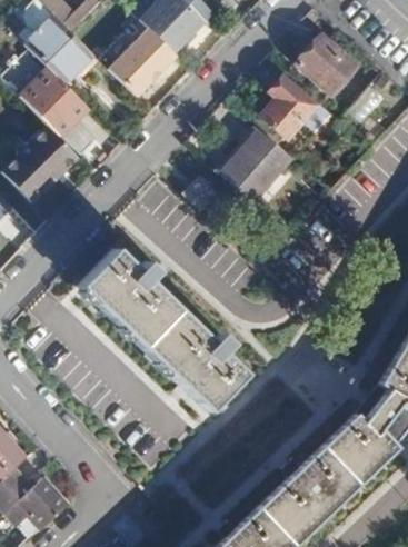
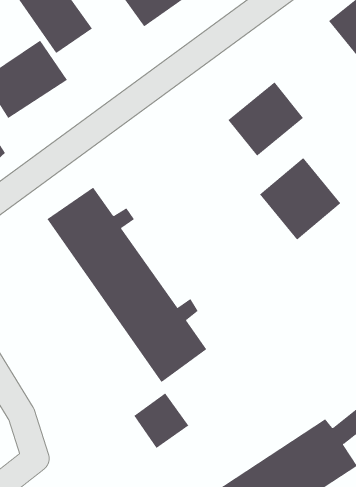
building: [261,74,318,137] -> none
building: none -> [259,157,341,240]
building: none -> [133,393,189,449]

